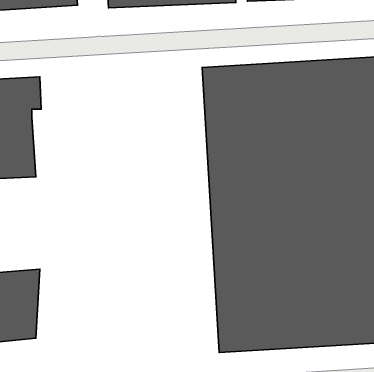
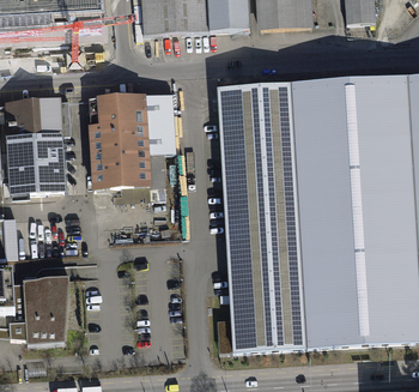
building: none -> [91,94,177,199]

